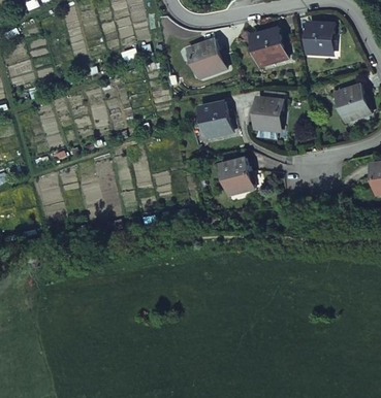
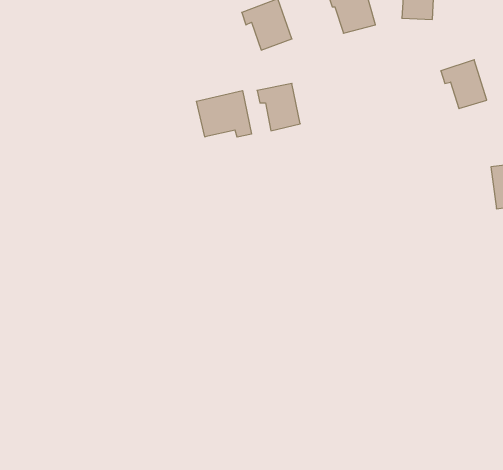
building: [252,98,282,131] -> none
building: none -> [196,91,251,137]
building: [218,158,252,194] -> none

